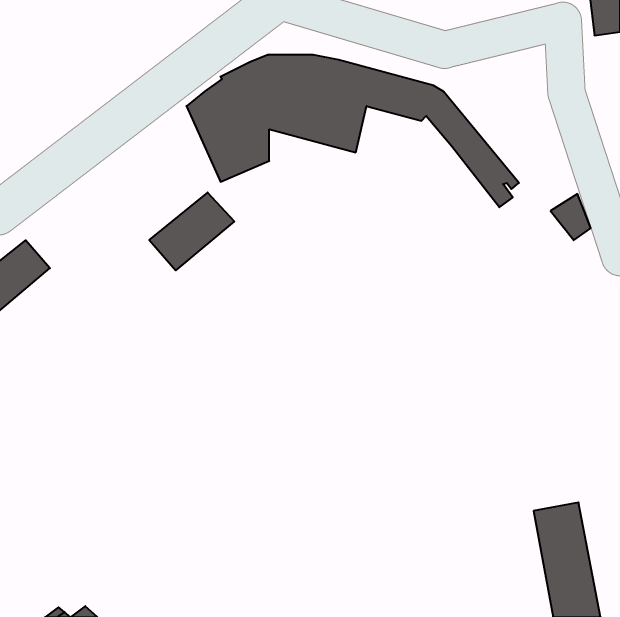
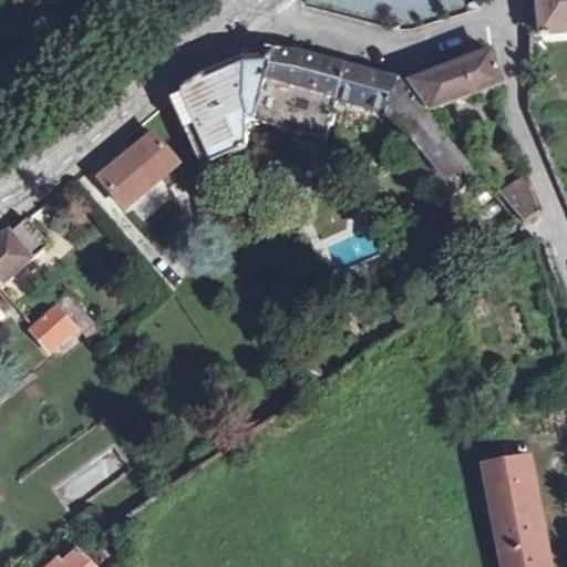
building: none -> [412,52,501,105]
building: [149,192,234,270] -> [99,132,176,203]
building: none -> [30,290,91,347]

